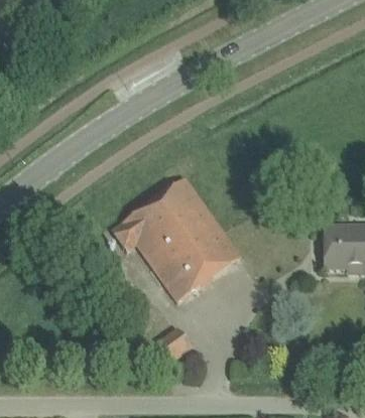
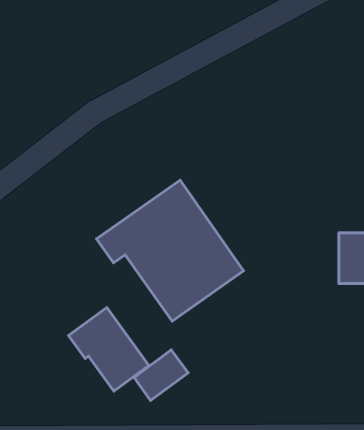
building: none -> [68,308,149,391]

